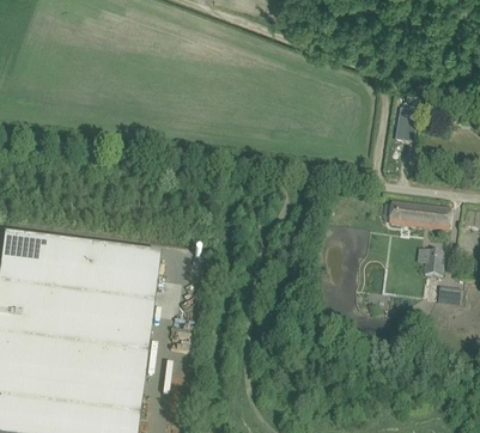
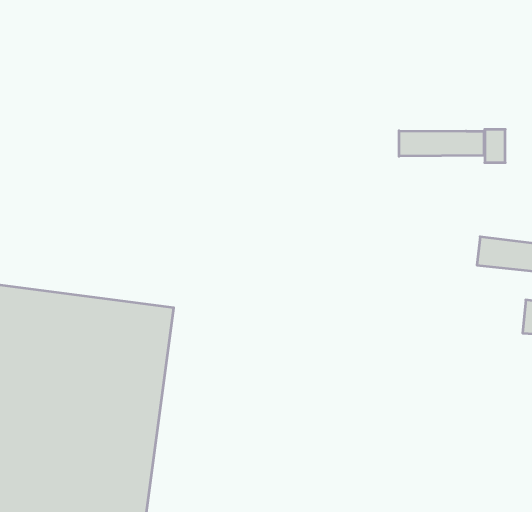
building: none -> [399,131,484,156]

